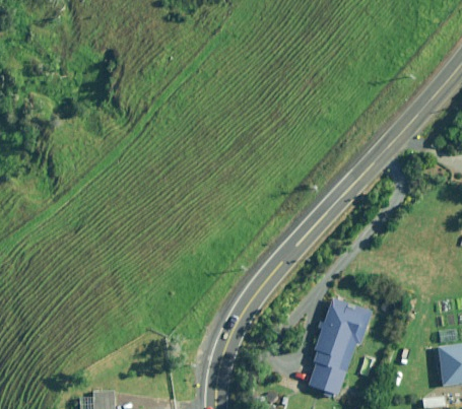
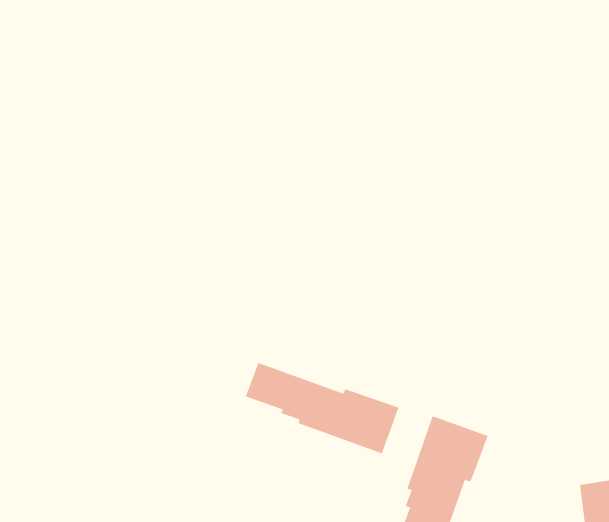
building: none -> [245,362,399,454]

